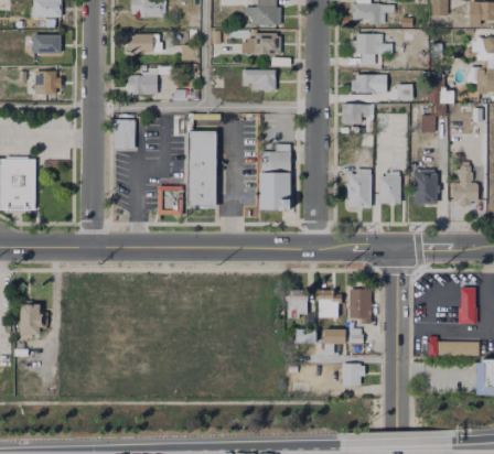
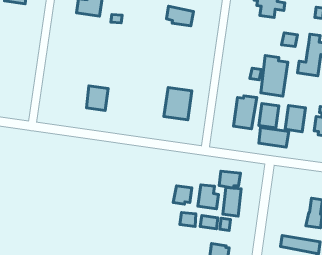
building: [351,75,386,93] -> none
building: [342,105,370,130] -> none
building: [114,119,135,148] -> none
building: [187,132,217,207] -> none
building: [259,143,289,171] -> none
building: none -> [259,128,289,147]
building: none -> [219,171,240,188]

